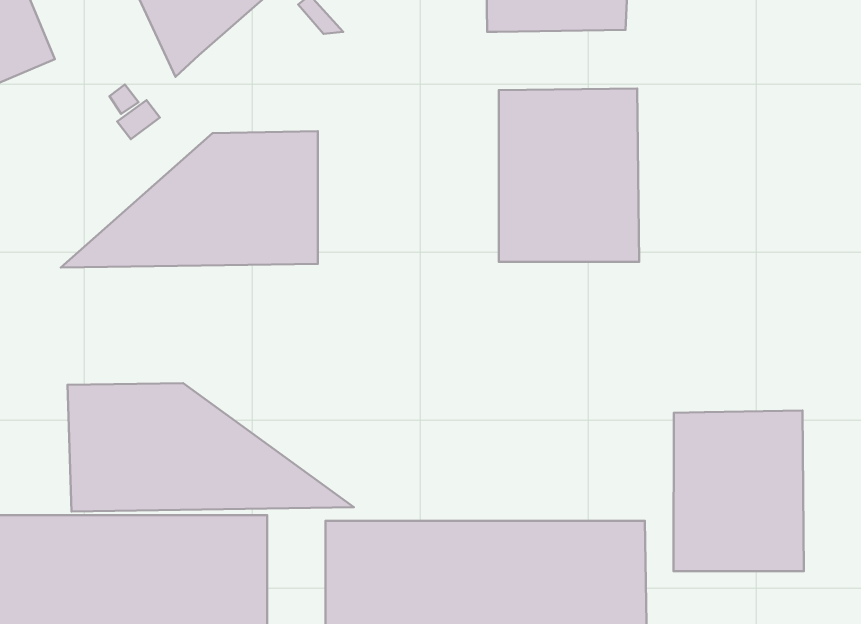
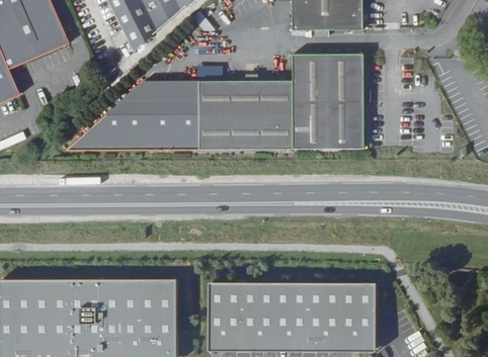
building: none -> [202,81,297,150]
building: [68,383,354,511] -> none
building: [673,410,804,571] -> none

